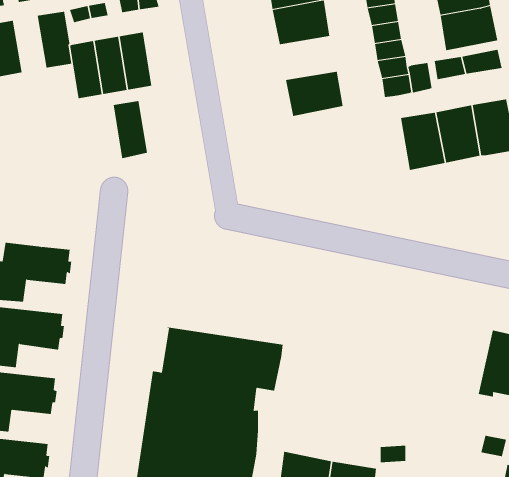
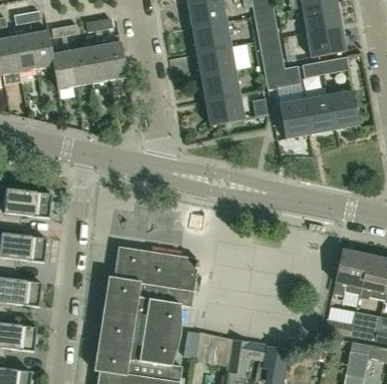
building: none -> [13,32,35,71]
building: none -> [196,46,236,76]
building: [113,100,148,159] -> [103,40,127,80]
building: none -> [205,94,244,125]

